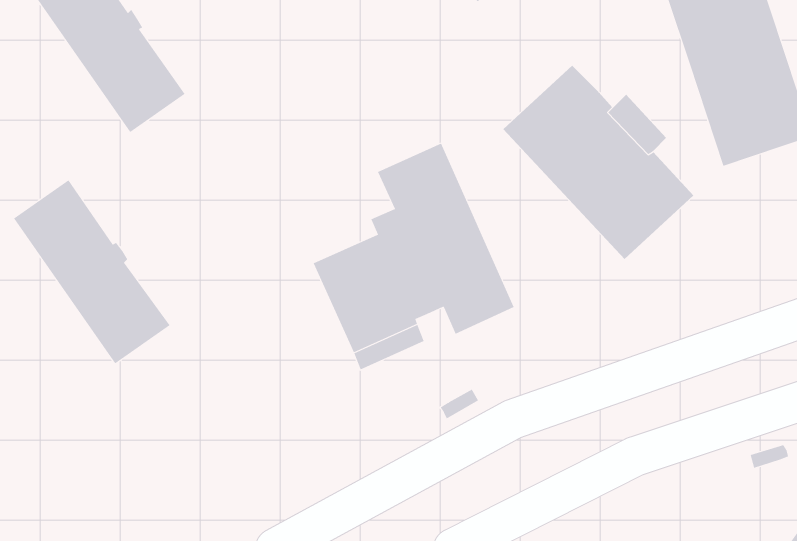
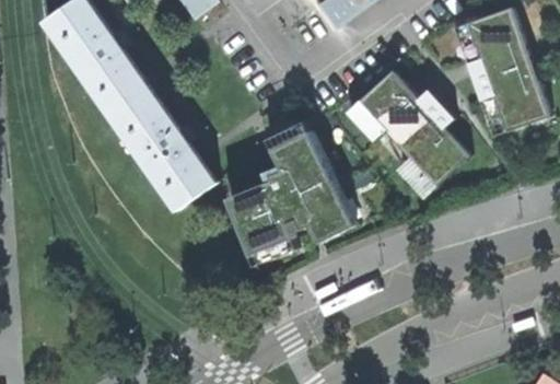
building: [13,179,171,364] -> [108,89,210,208]

